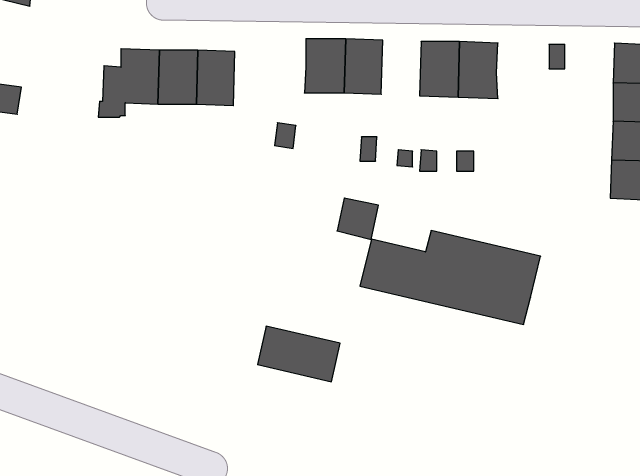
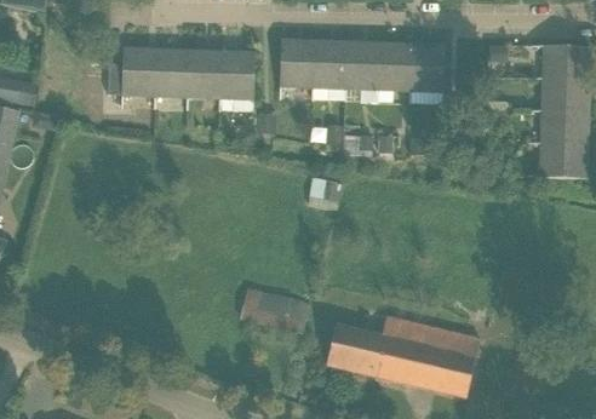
building: none -> [344,41,378,88]
building: none -> [218,51,253,98]
building: [360,231,541,324] -> [326,316,480,396]

